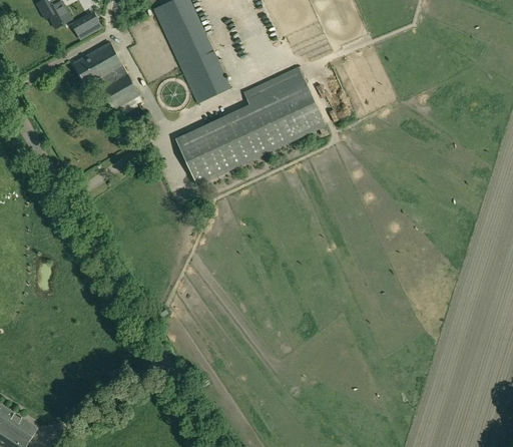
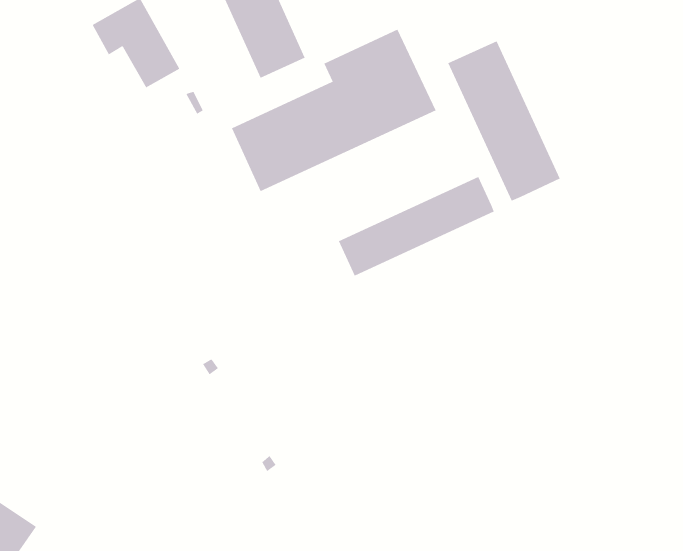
building: none -> [448,40,561,201]
building: none -> [338,176,495,276]

